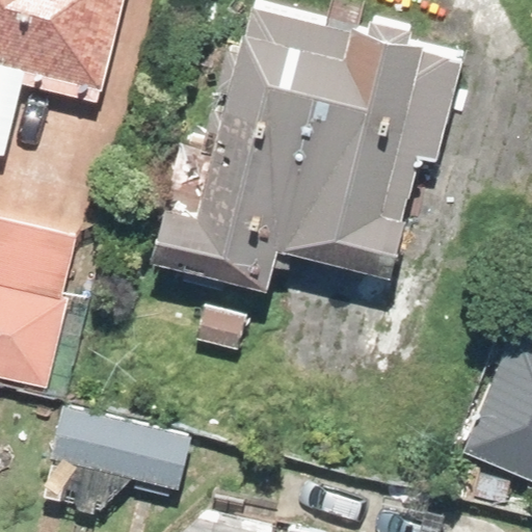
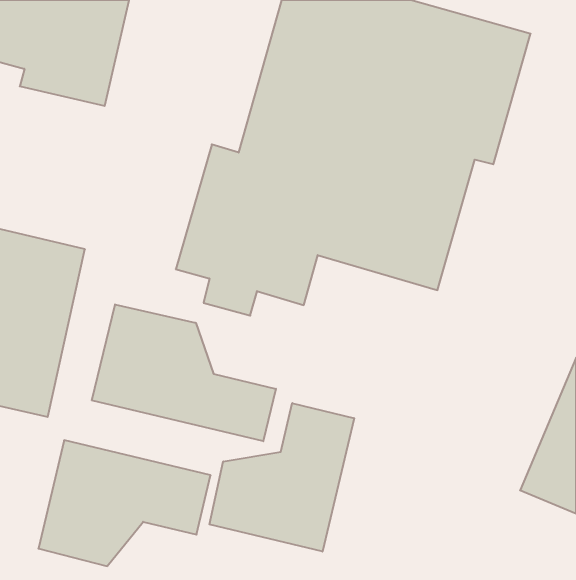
building: none -> [92,304,276,441]
building: none -> [209,403,354,552]

